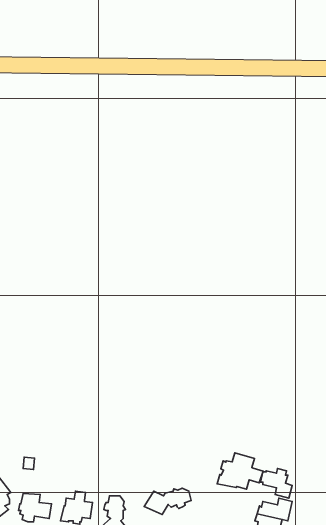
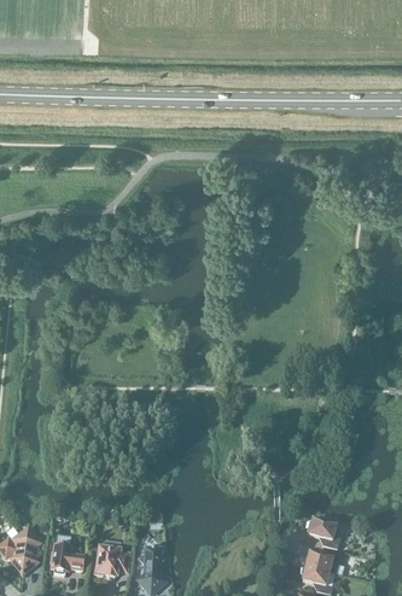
building: [217,453,263,489] -> none
building: [144,488,191,515] -> none

